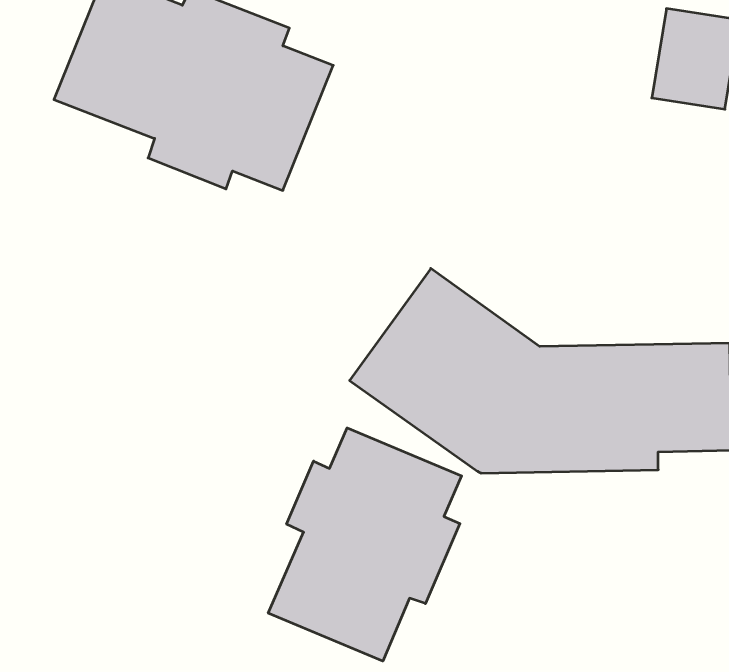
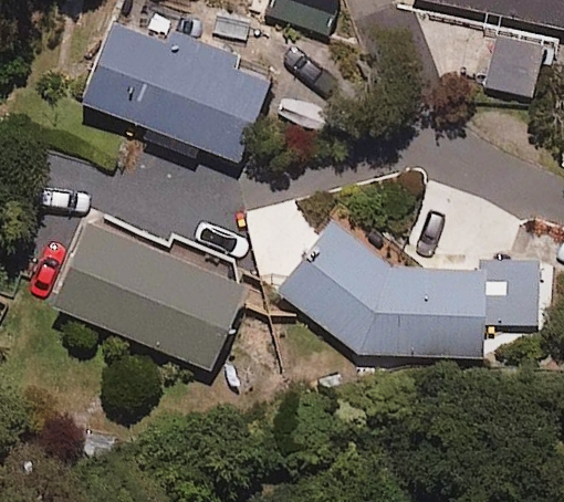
building: none -> [49,216,243,369]
building: [268,428,462,661] -> none

